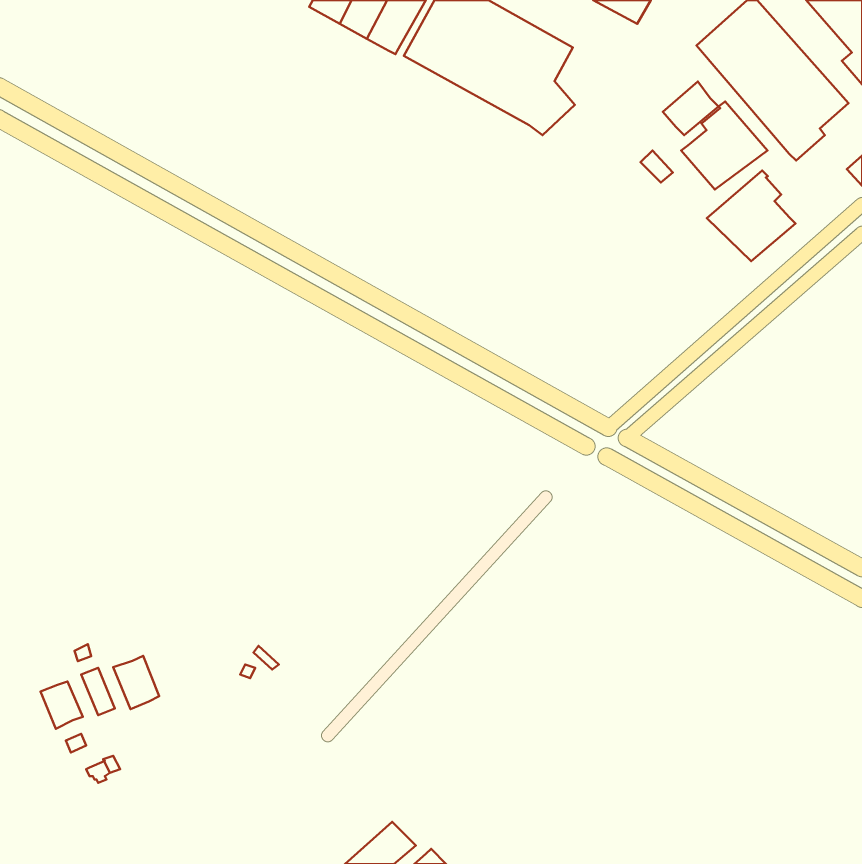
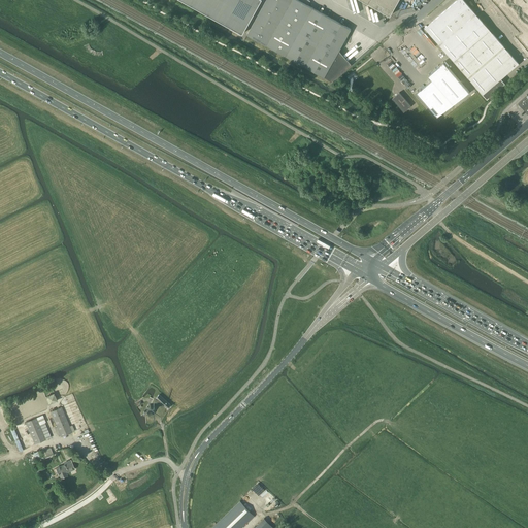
building: [663,82,718,135] -> none
building: [707,170,795,261] -> none
building: [113,656,159,709] -> none

